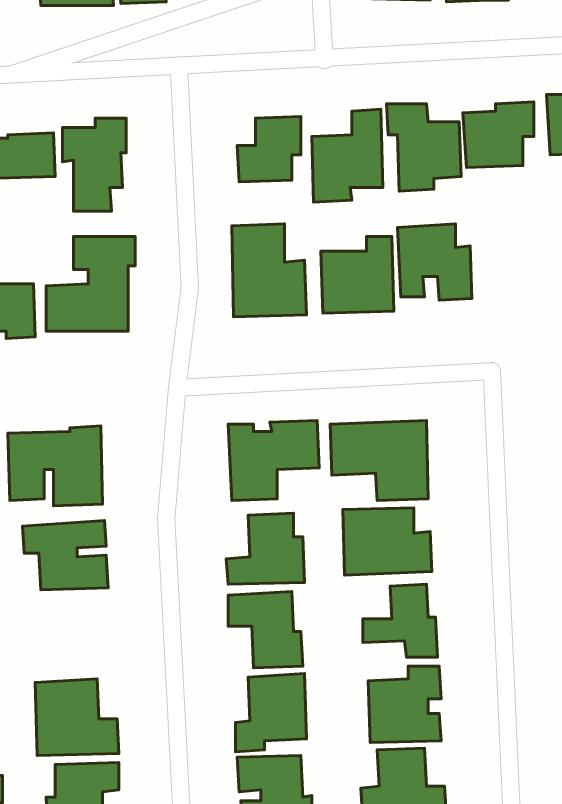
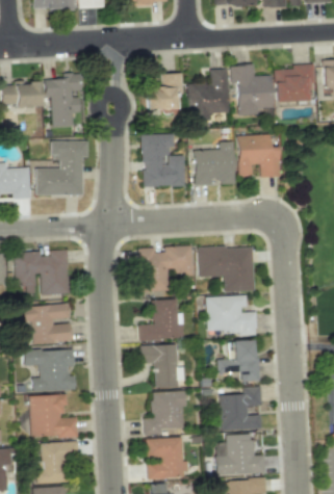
building: none -> [23,349,75,393]

